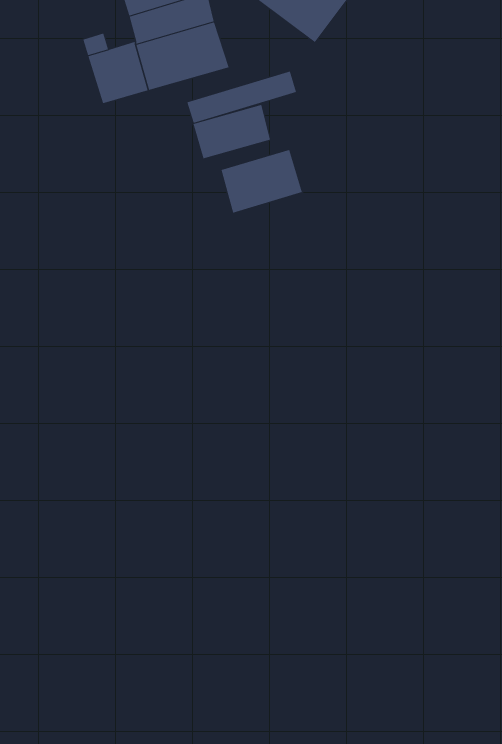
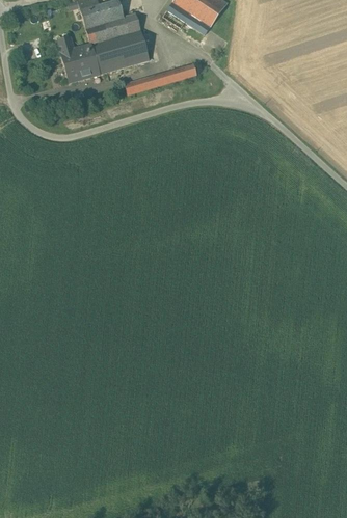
building: [193,104,270,159] -> none
building: [221,149,303,214] -> none

